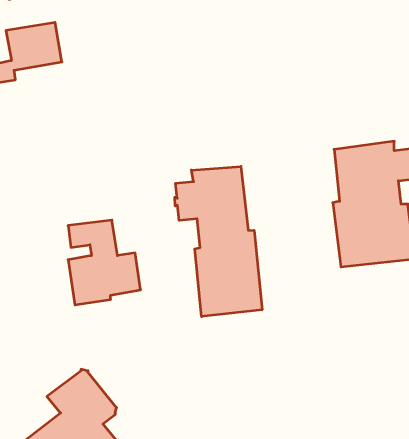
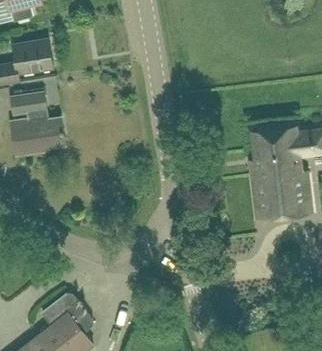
building: [175,166,262,317] -> none
building: [68,220,141,305] -> [11,93,64,155]

